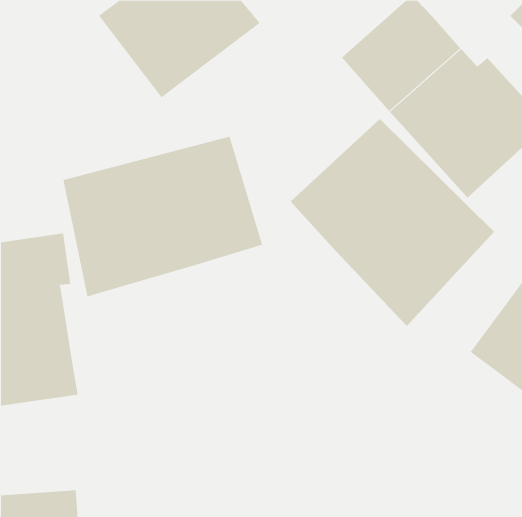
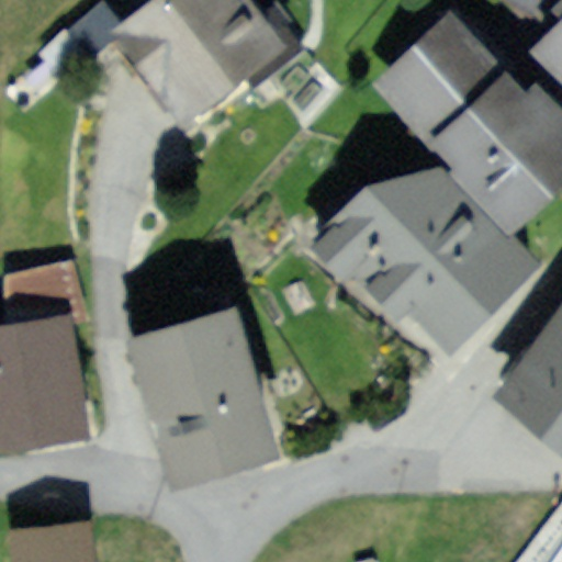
building: [63,136,263,297] -> none
building: none -> [135,308,279,485]

